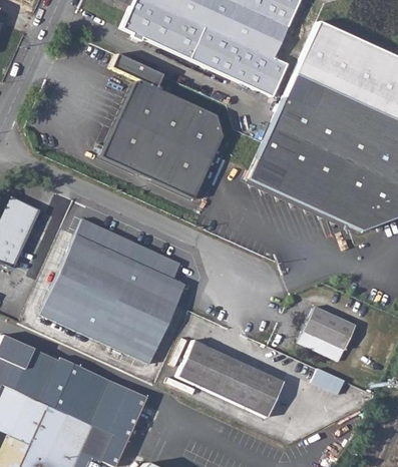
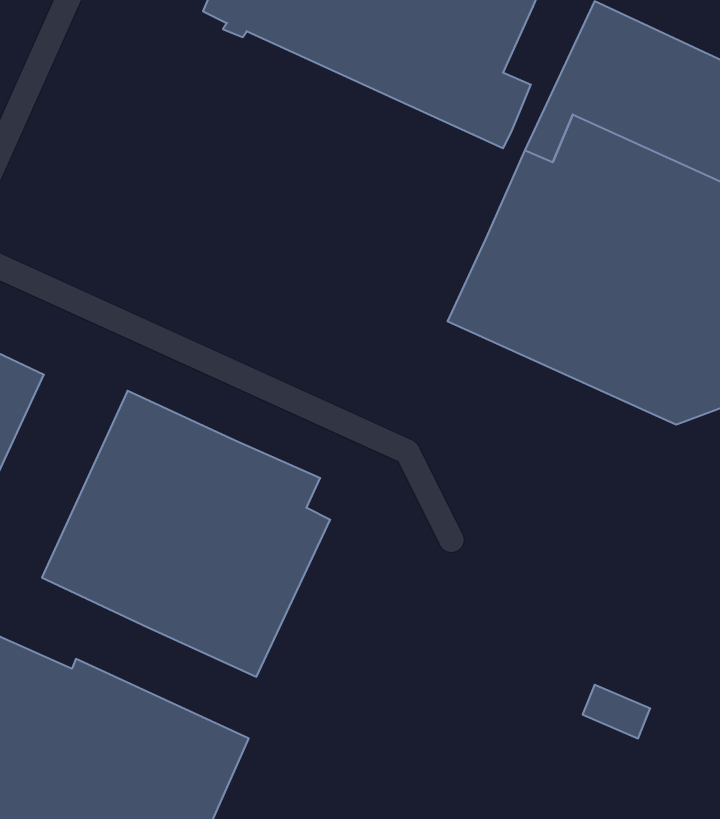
building: [101,54,223,198] -> none
building: [298,304,356,358] -> none
building: [176,338,285,416] -> none

